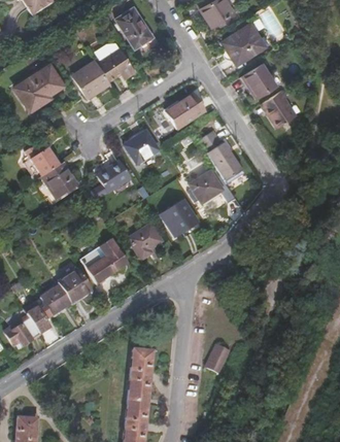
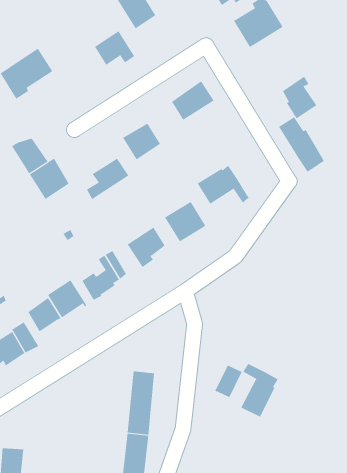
building: [73,60,110,97] -> none
building: [243,63,281,98] -> none
building: [200,131,241,180] -> [278,116,325,173]
building: none -> [241,363,279,417]

